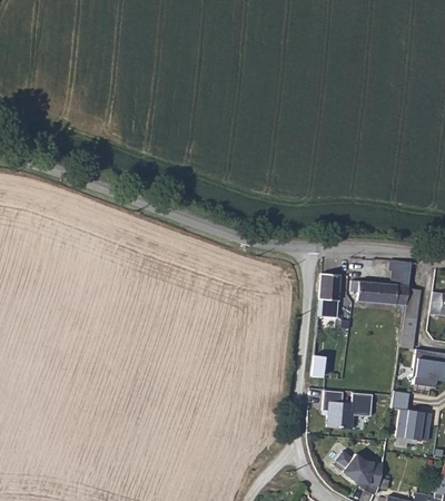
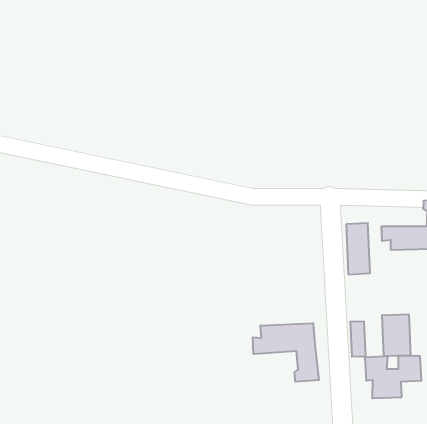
building: none -> [253,323,319,382]
building: none -> [382,314,411,356]

